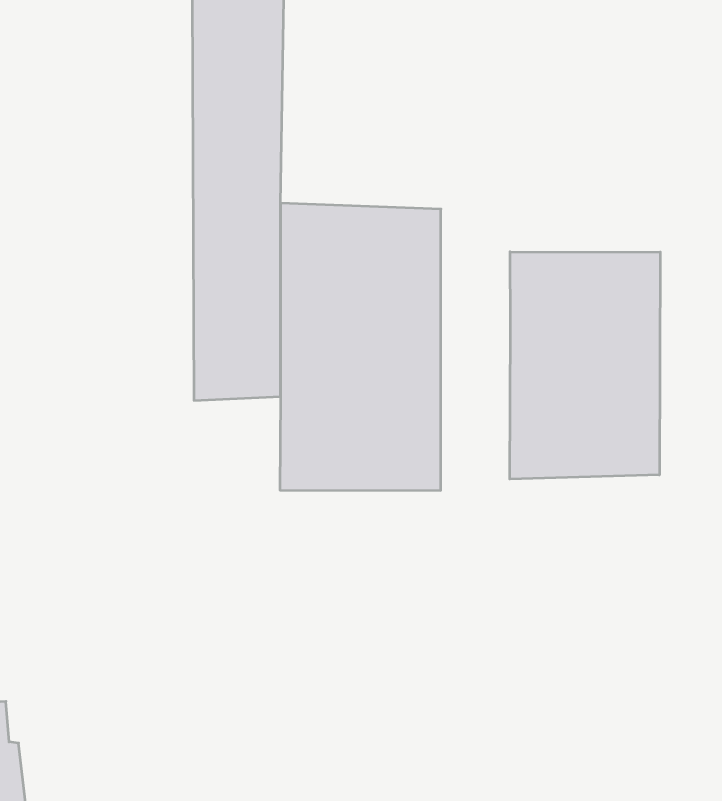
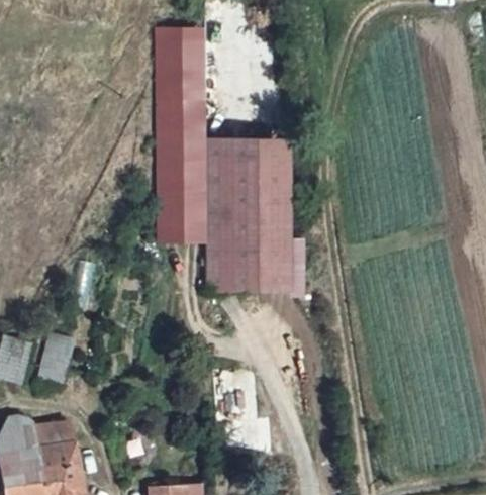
building: [510,252,660,479] -> none

